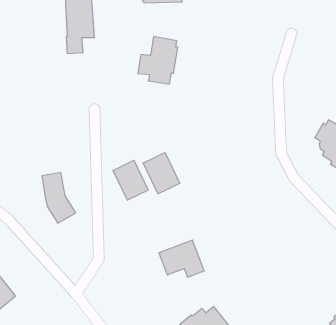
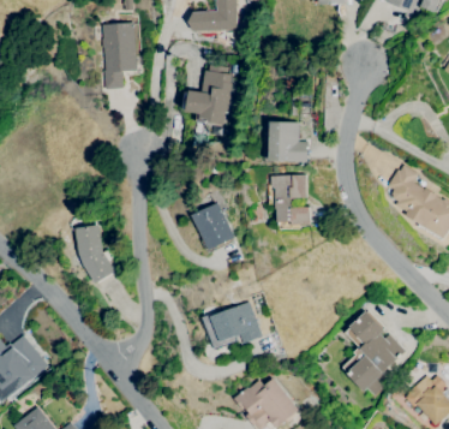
building: none -> [269,121,307,162]
building: none -> [271,174,310,225]
building: [113,160,148,200] -> none
building: none -> [347,310,406,391]

